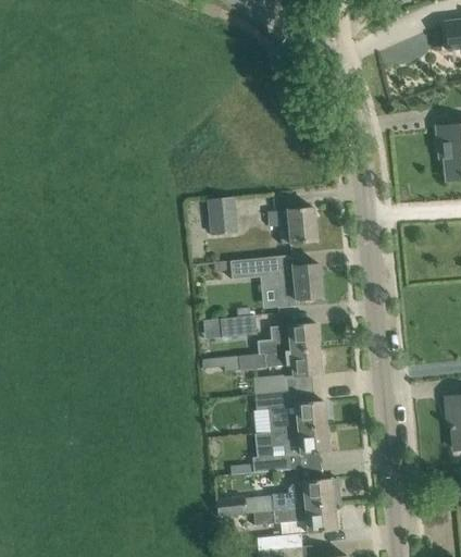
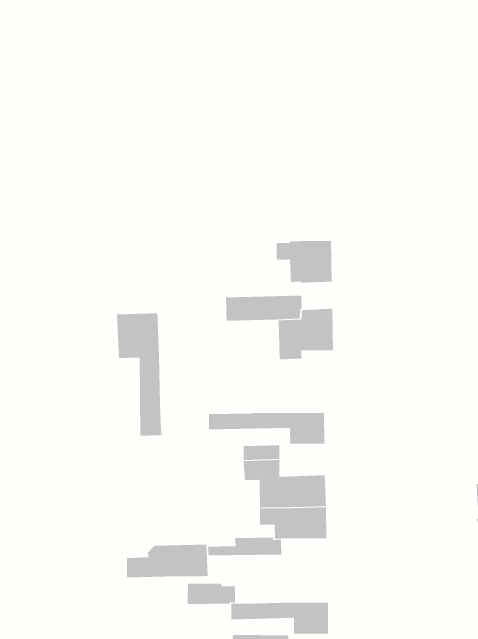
building: [205,196,237,235] -> none
building: none -> [117,313,162,436]
building: [219,314,256,336] -> none
building: [256,322,317,354] -> none
building: [271,476,339,509] -> [126,544,209,578]

